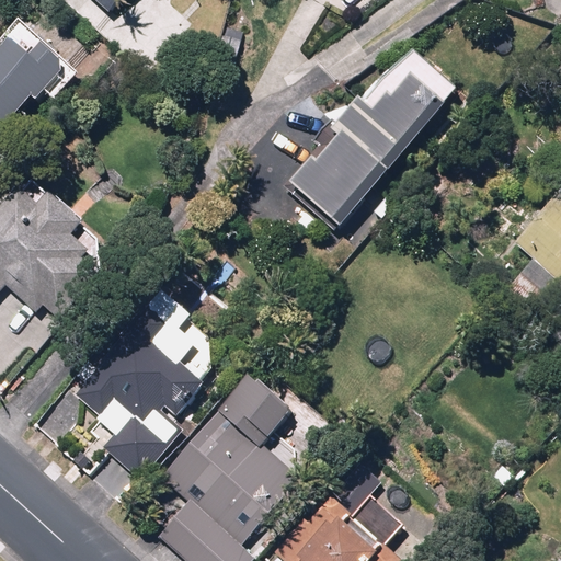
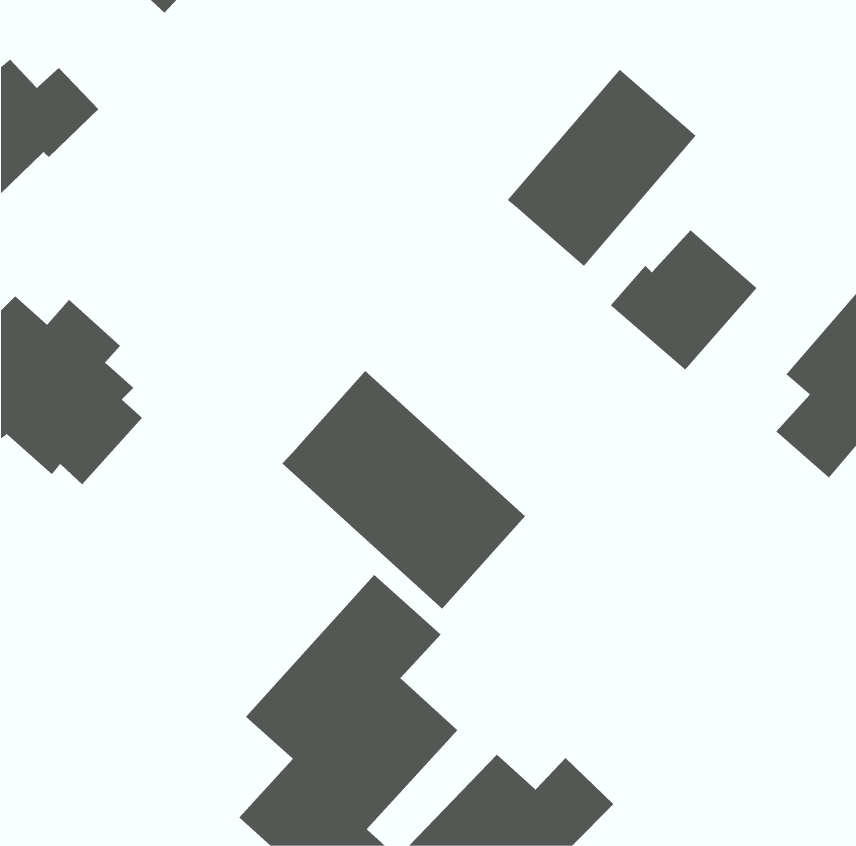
building: [286,136,382,228] -> [610,230,758,371]
building: none -> [281,370,526,610]
building: [73,296,199,477] -> none

